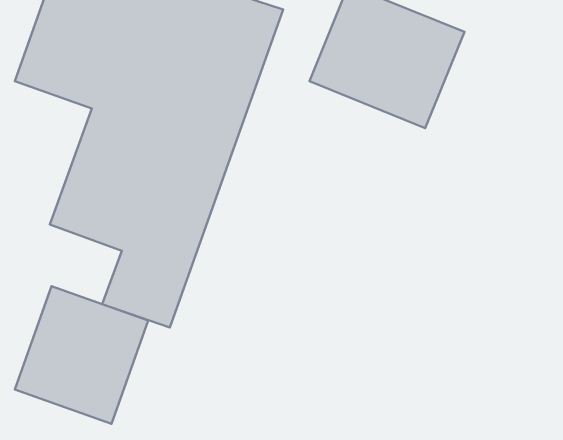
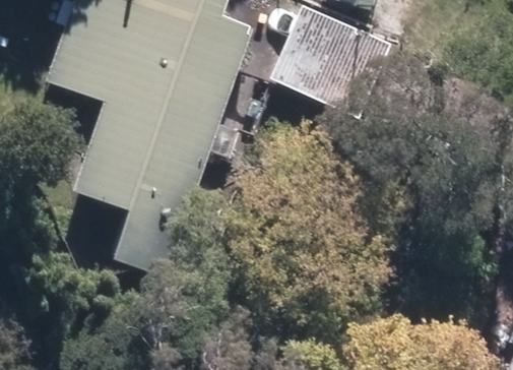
building: [15,286,148,424] -> none

